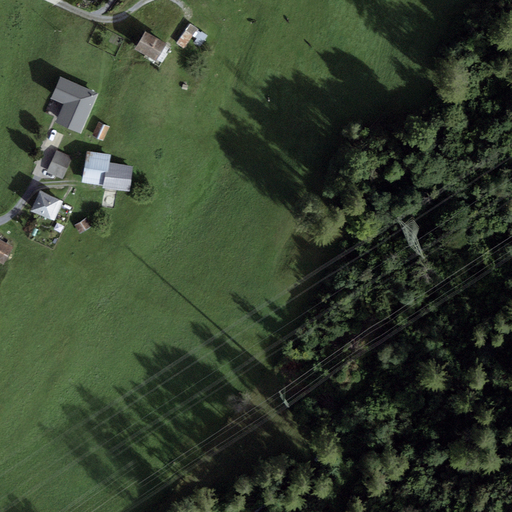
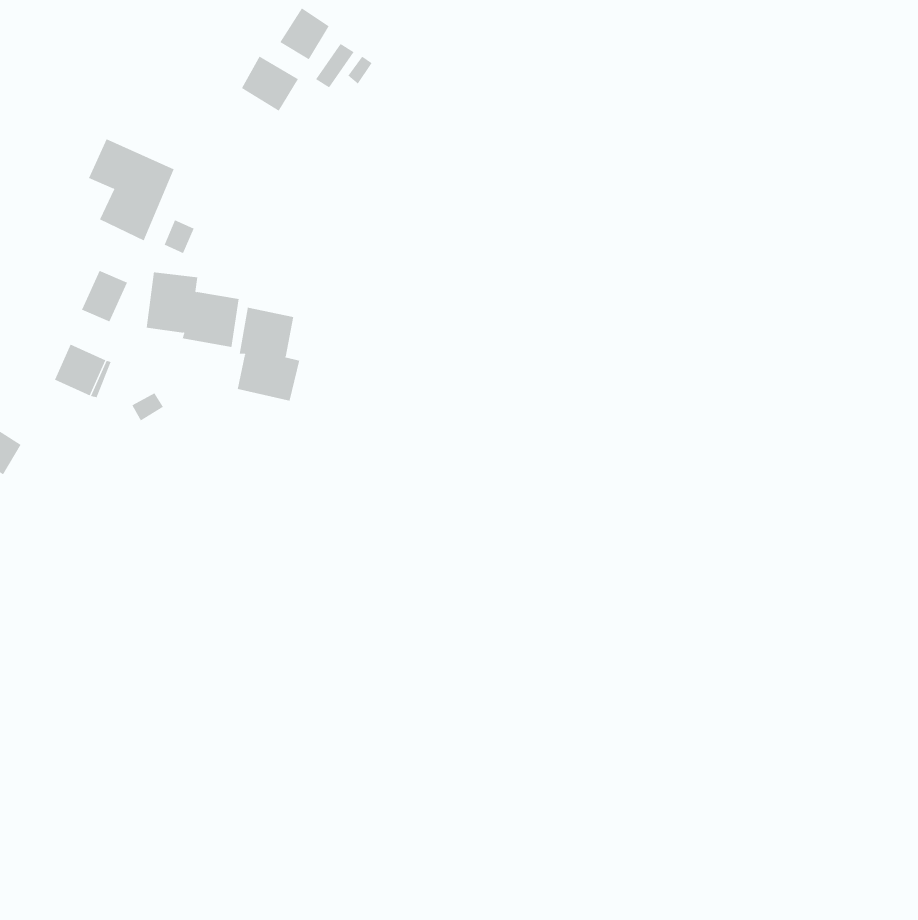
building: none -> [280,7,329,60]
building: none -> [237,307,300,401]

